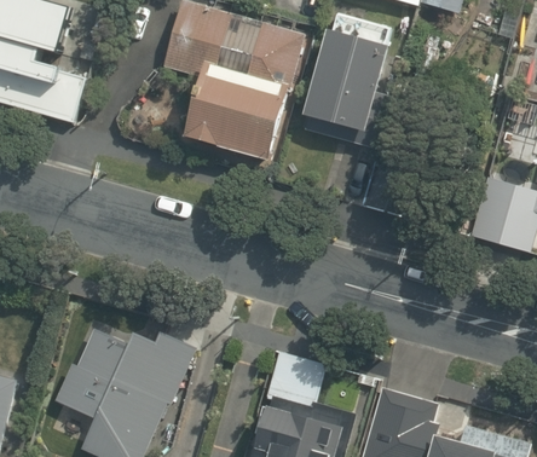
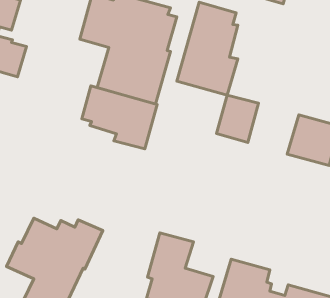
building: none -> [82,86,157,149]

